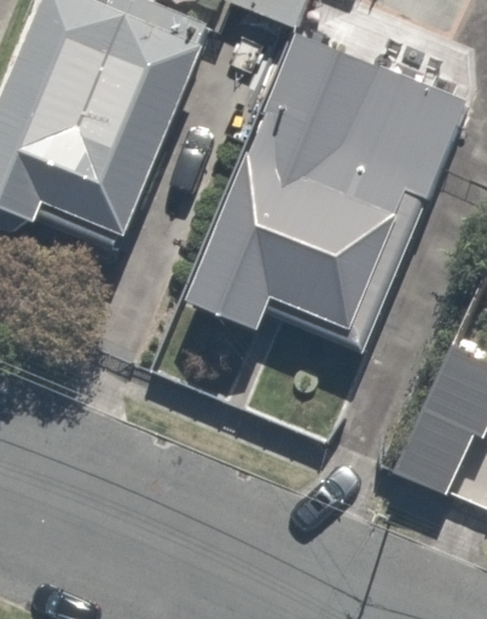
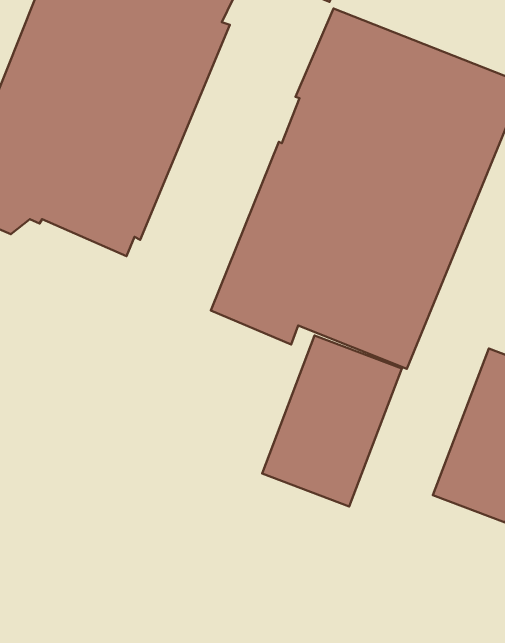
building: none -> [262,335,402,507]

